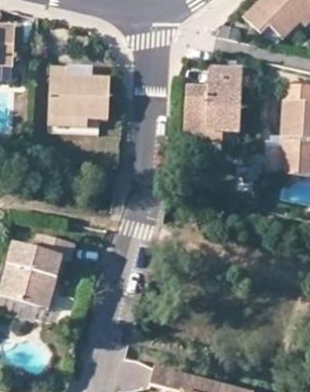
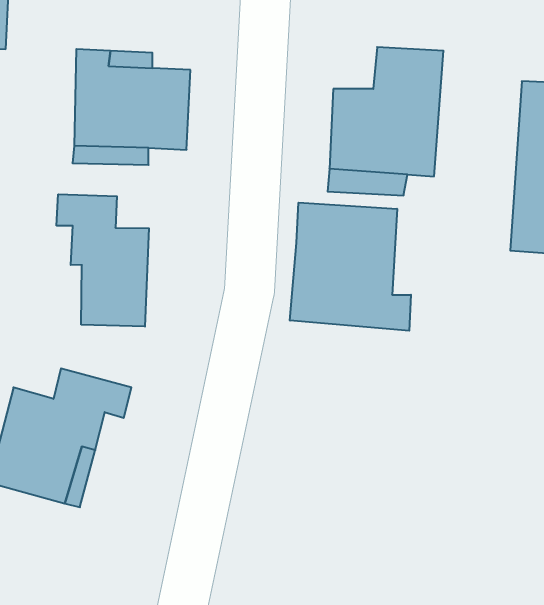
building: none -> [57,194,149,327]
building: none -> [290,203,411,331]

